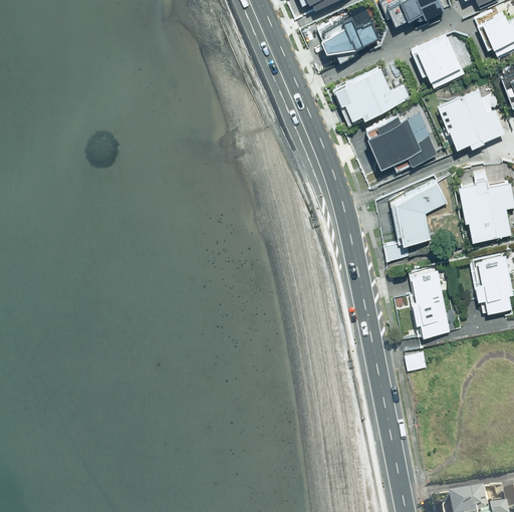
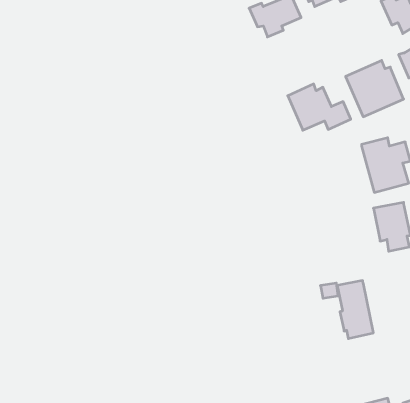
building: [419,30,467,85] -> none
building: [338,66,413,114] -> none
building: [383,184,448,264] -> none
building: [407,269,450,338] -> [337,281,373,339]

